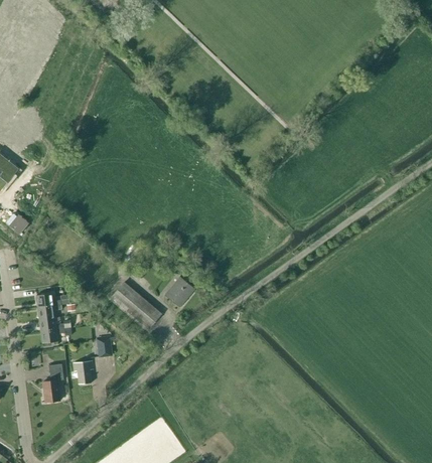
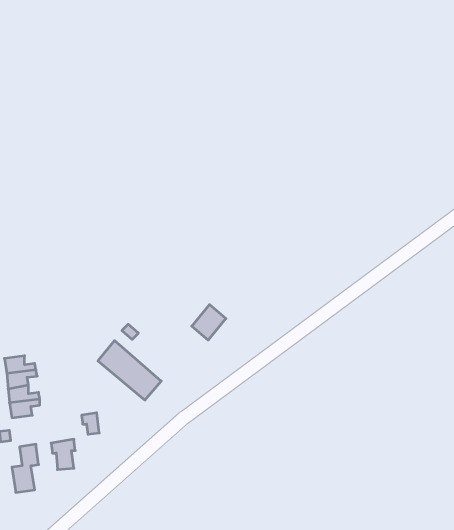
building: [164,277,191,305] -> [192,305,226,340]

